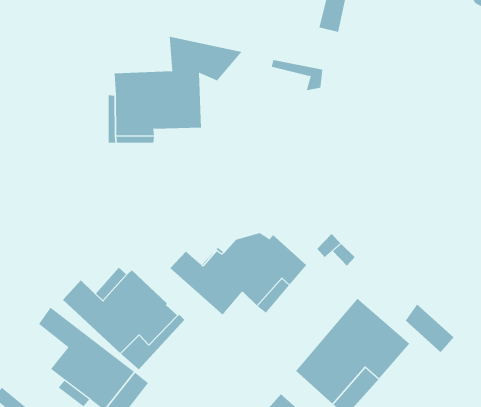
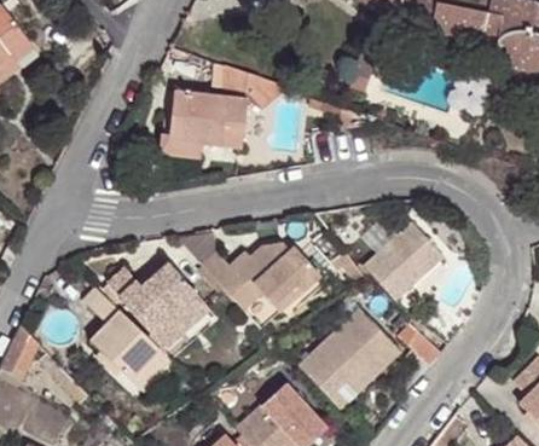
building: none -> [363,221,444,301]

